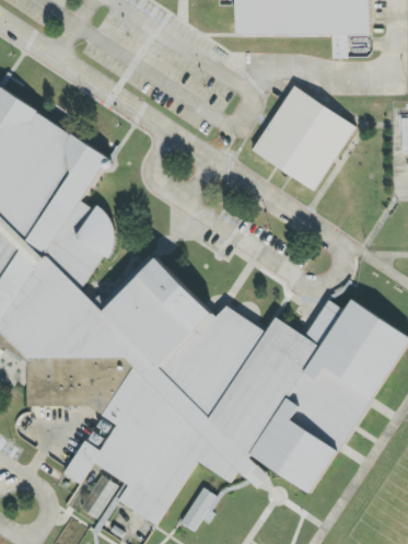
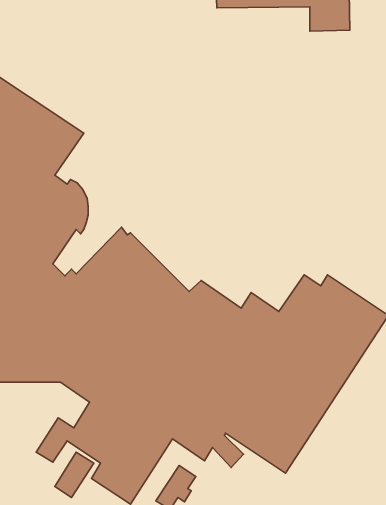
building: [252,85,354,190] -> none

